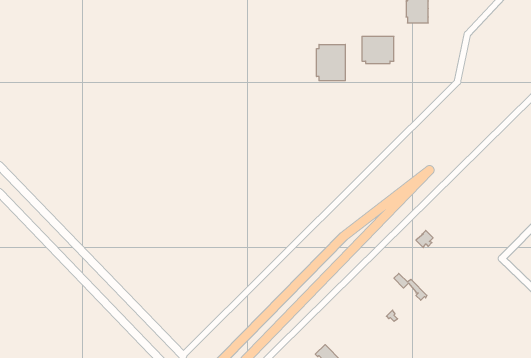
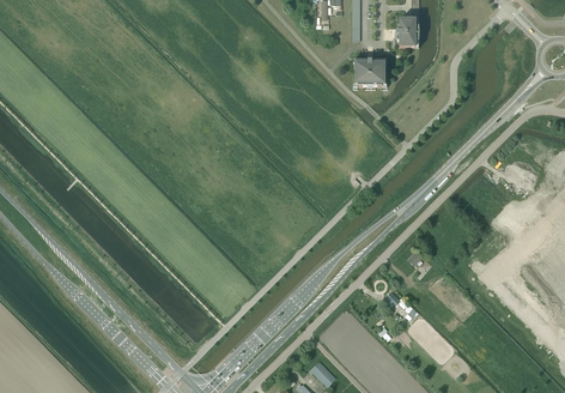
building: [317,44,345,81] -> none

